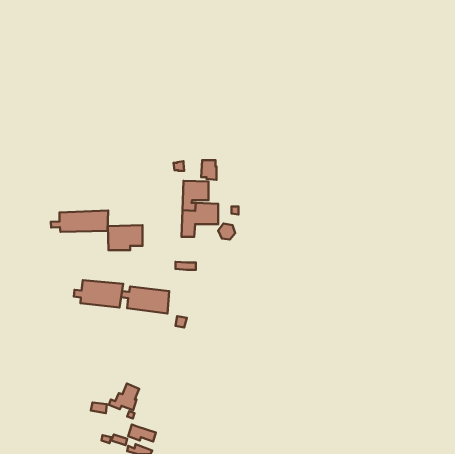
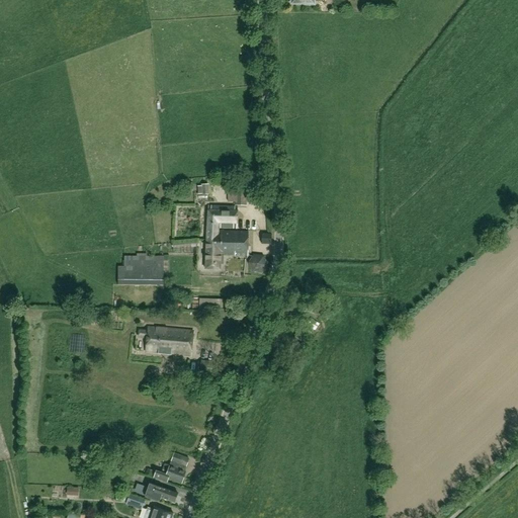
building: [51,211,108,232] -> none
building: [74,280,123,308] -> none
building: [109,383,139,410] -> [154,452,188,483]

